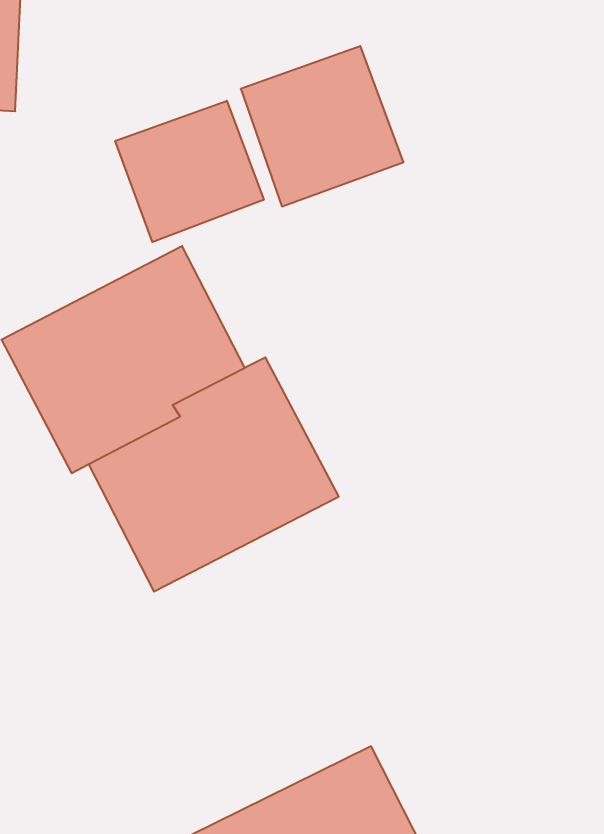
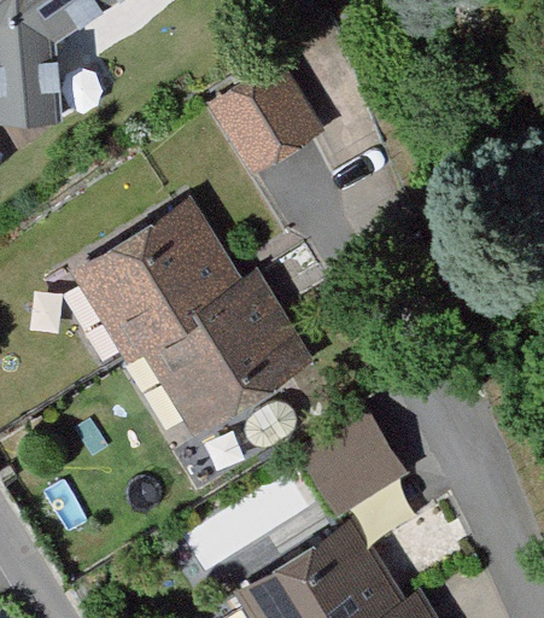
building: [115,101,264,242] -> none
building: none -> [308,400,414,506]

